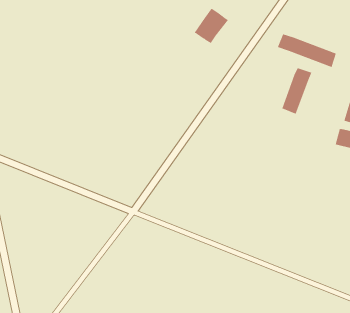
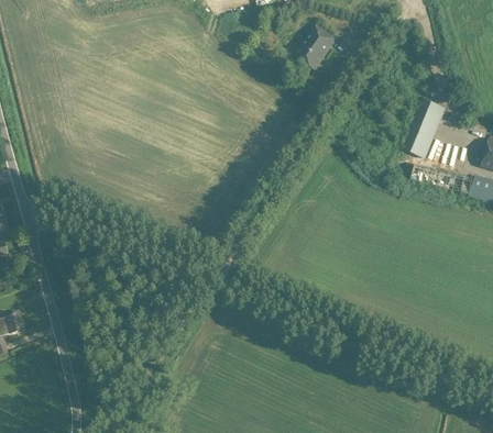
building: [277,33,337,68] -> none

